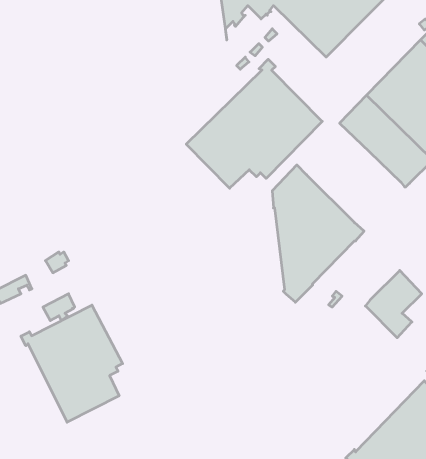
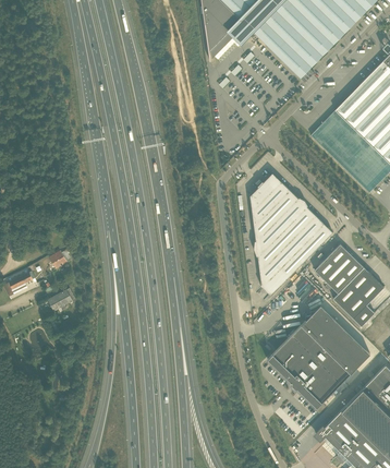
building: [186,59,322,188] -> none
building: none -> [316,243,365,292]
building: [21,305,123,422] -> none
building: none -> [268,304,371,408]

